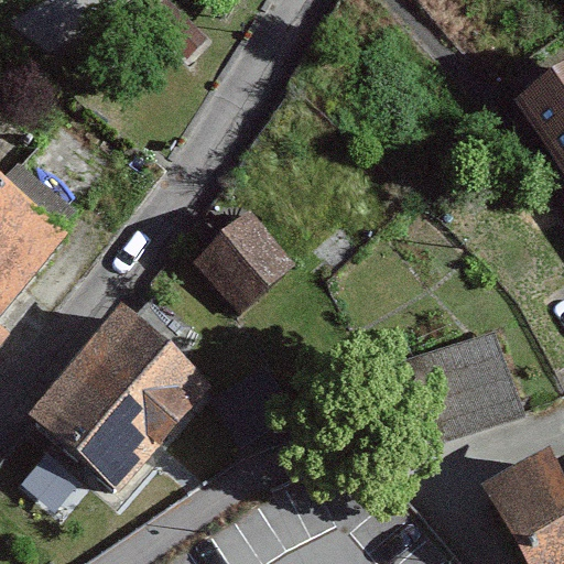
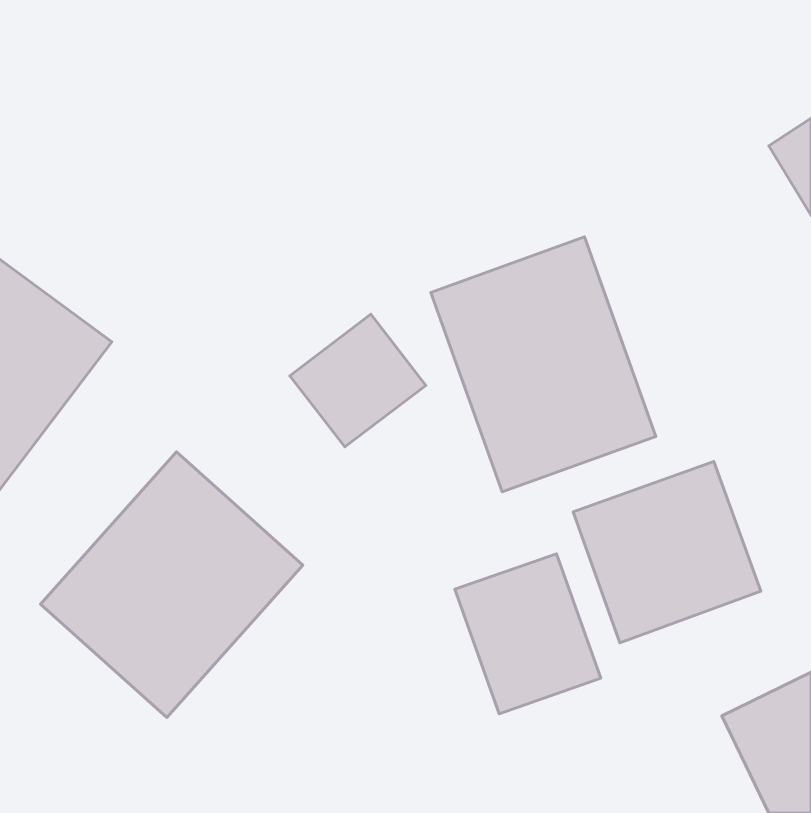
building: none -> [431,237,656,492]
building: none -> [455,554,601,714]

